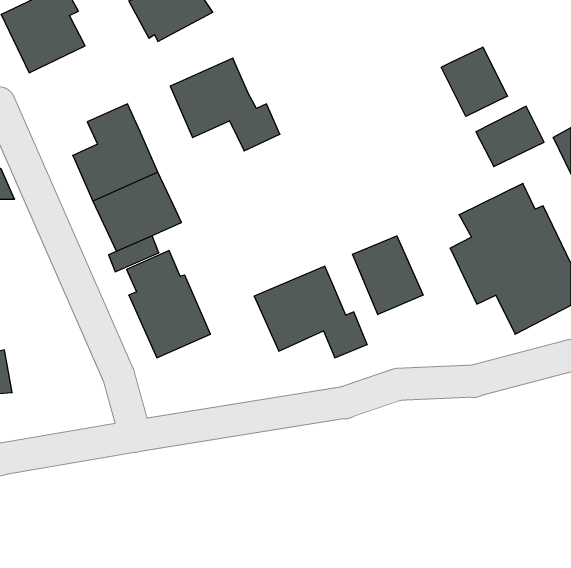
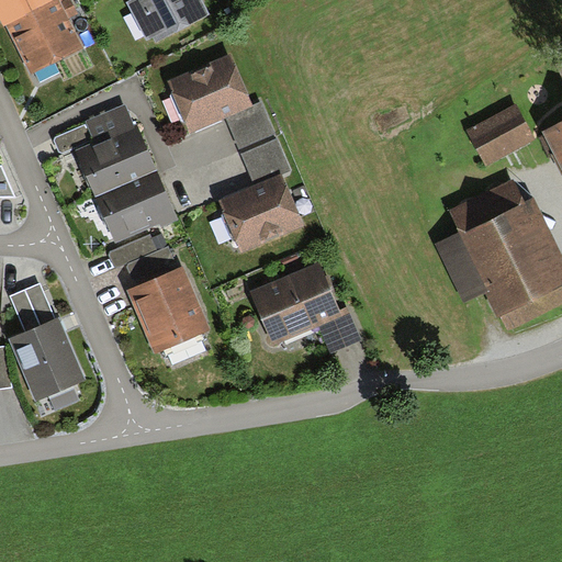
building: [441,47,507,116] -> none
building: none -> [216,137,302,254]
building: [352,236,423,315] -> none
building: none -> [9,282,86,401]

